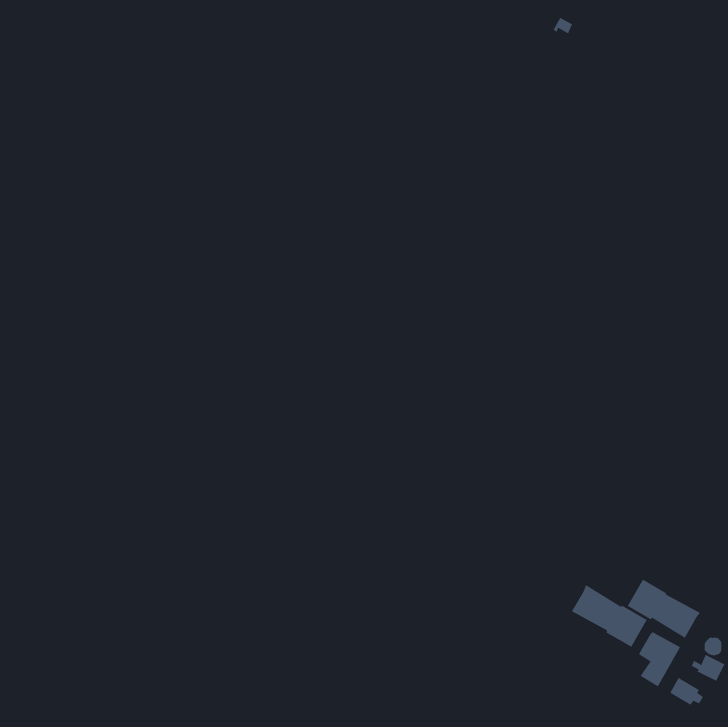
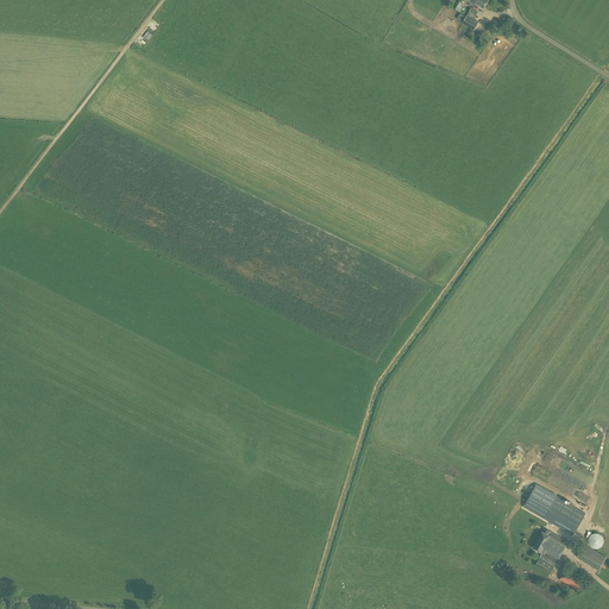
building: [571,584,648,647] -> none

